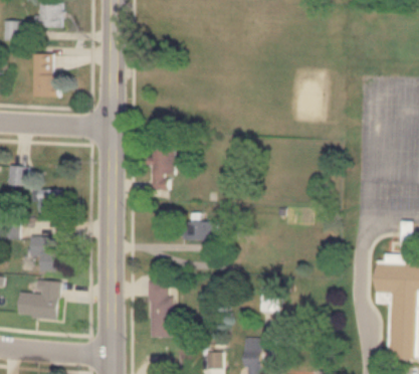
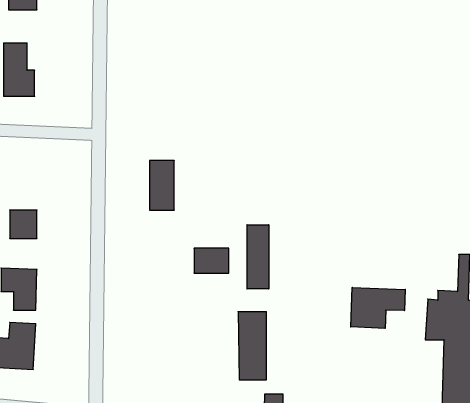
building: none -> [247,225,269,289]
building: none -> [351,287,405,328]
building: [148,282,171,337] -> [238,312,266,380]

